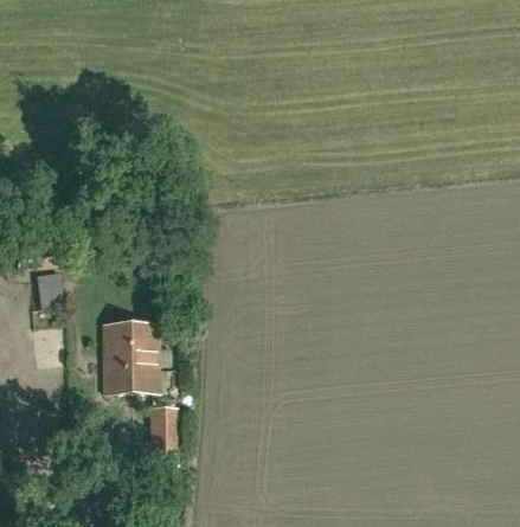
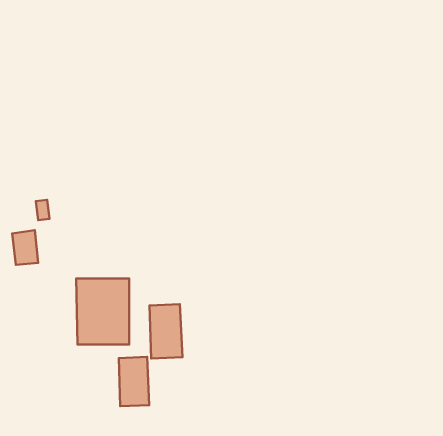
building: none -> [149,304,183,358]

